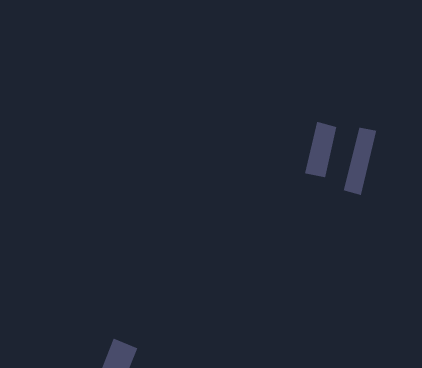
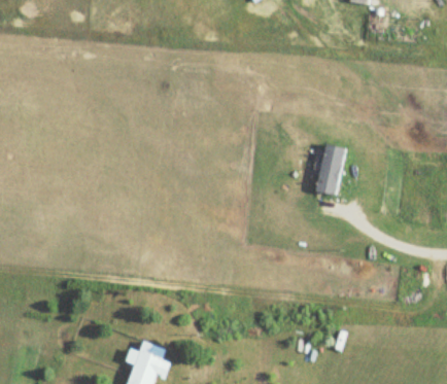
building: [343,127,377,196] -> none

